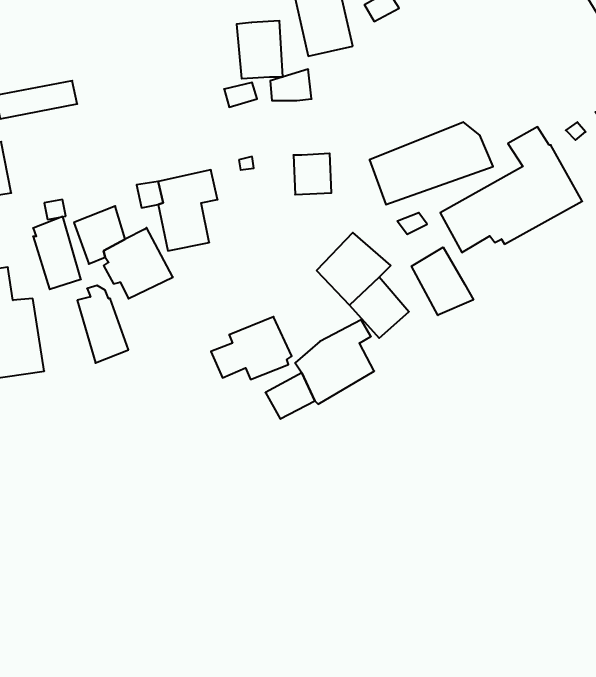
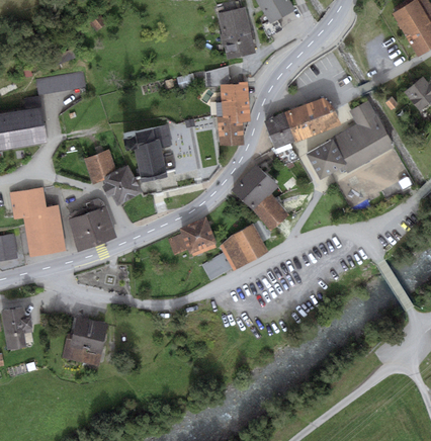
building: [237,21,283,79] -> [221,83,249,118]
building: [33,217,81,289] -> [68,207,97,252]
building: [412,247,473,315] -> none
building: none -> [62,318,109,366]

